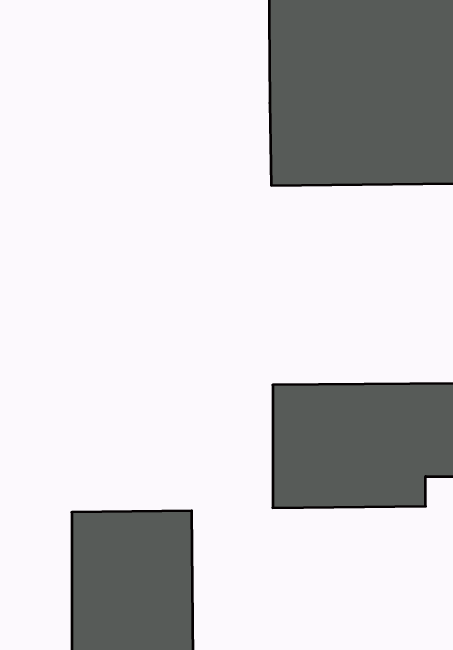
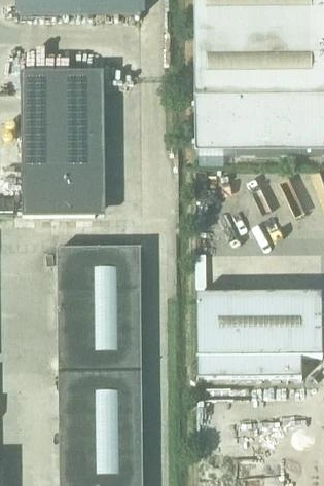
building: none -> [22,70,104,215]
building: none -> [57,246,141,379]

